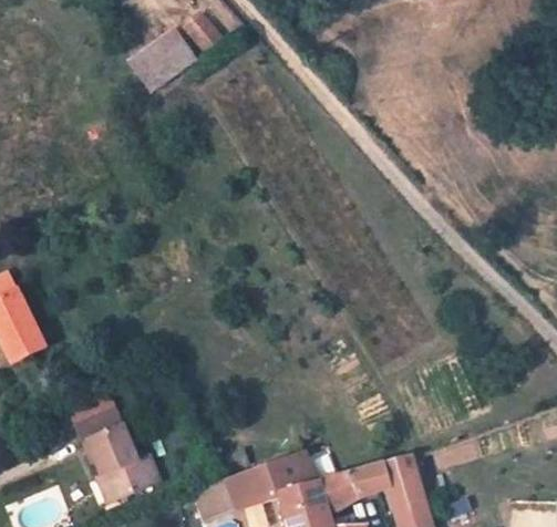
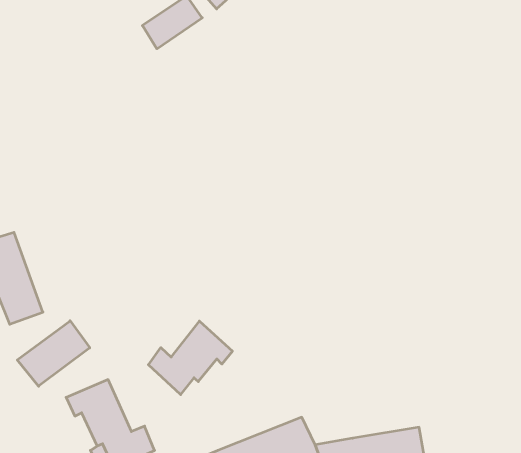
building: none -> [17,321,90,386]
building: none -> [148,321,232,395]

